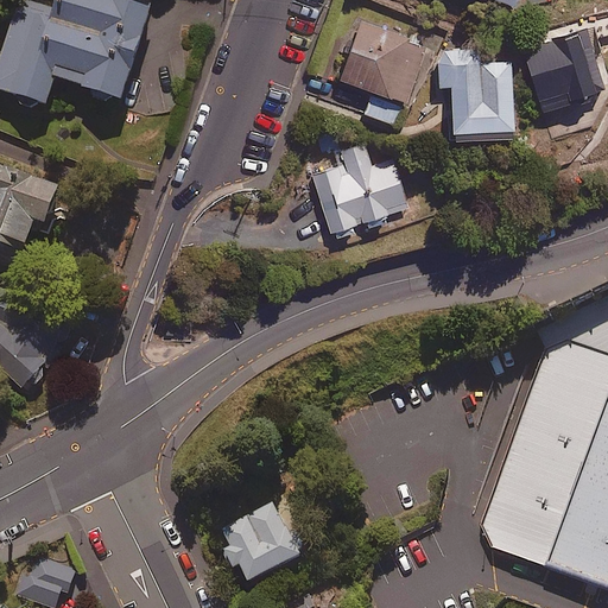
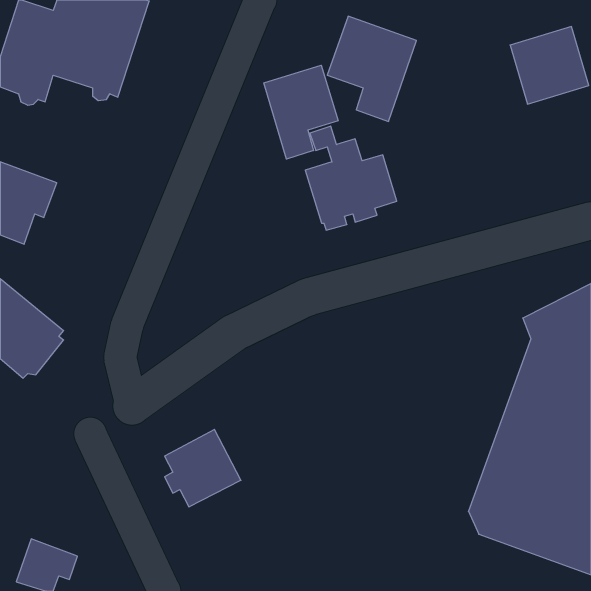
building: [438,49,514,138] -> none
building: none -> [264,65,338,159]
building: [223,504,302,583] -> [165,429,241,507]

